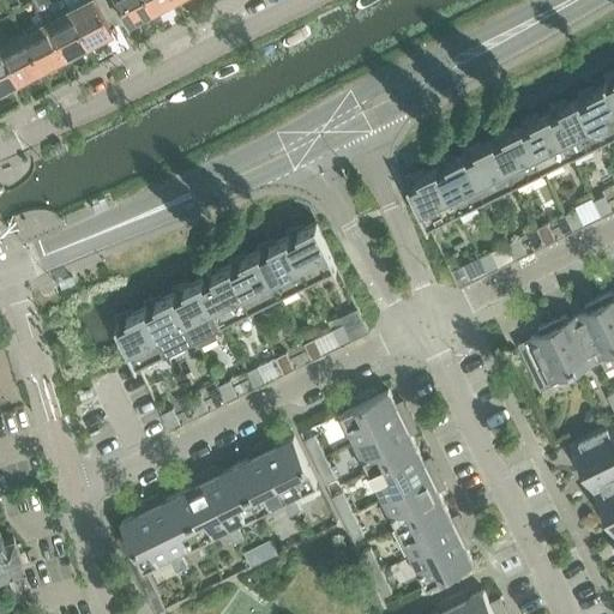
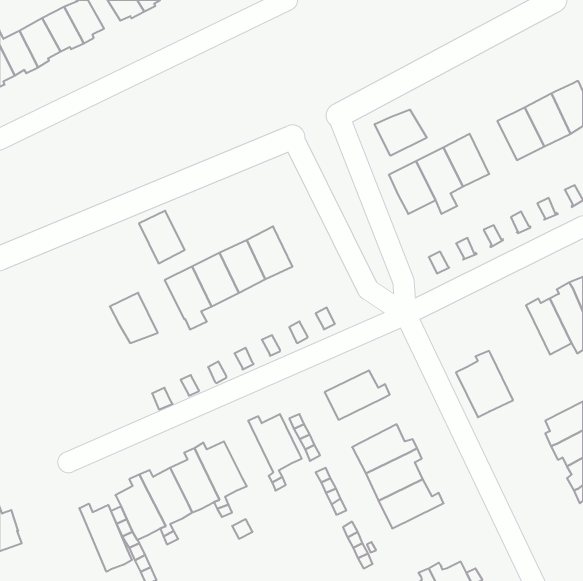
building: none -> [375,110,427,156]
building: [493,131,542,186] -> none
building: [287,227,336,283] -> none
building: [145,297,193,353] -> [139,211,185,263]
building: [517,324,577,393] -> [456,351,513,417]
building: [355,417,416,472] -> none
building: [235,445,287,513] -> none
building: [411,531,472,588] -> none
building: none -> [79,504,132,572]

